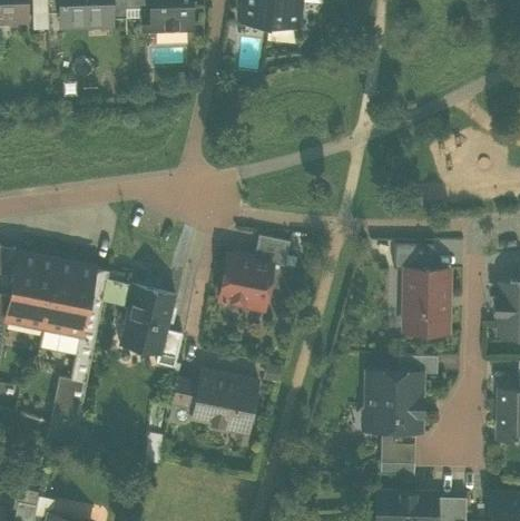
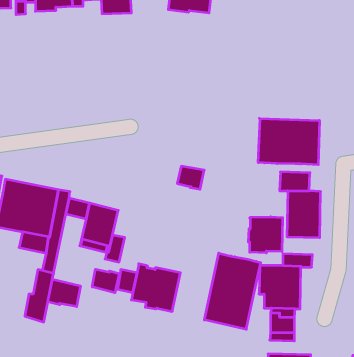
building: none -> [258,118,319,165]
building: [219,256,272,308] -> none
building: none -> [248,217,283,253]
building: none -> [204,253,261,329]
building: none -> [92,269,119,293]
building: none -> [48,279,80,307]

